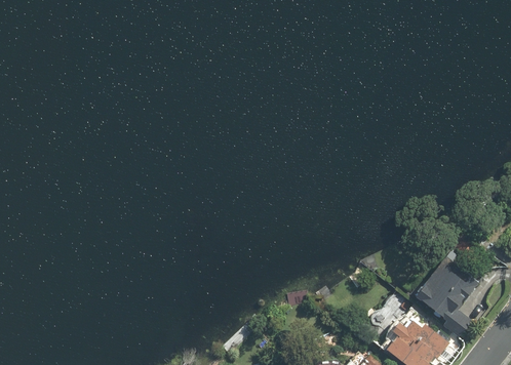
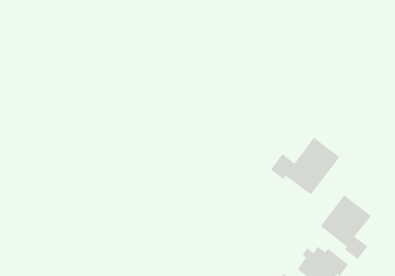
building: none -> [270,137,340,195]

